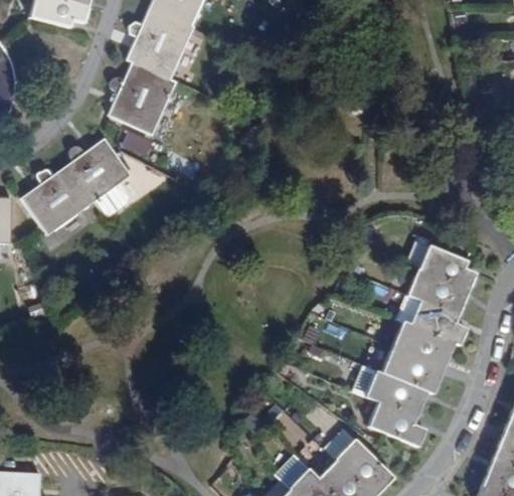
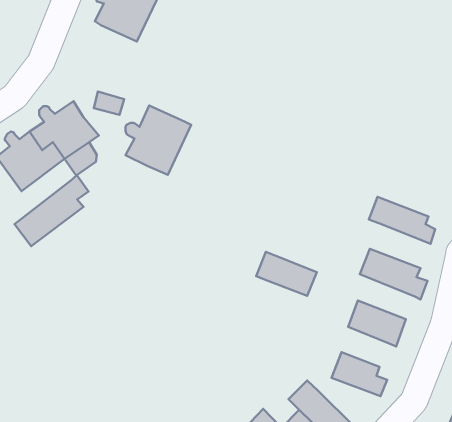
building: [107,62,174,134] -> [126,105,191,175]
building: none -> [15,175,88,246]
building: [407,268,470,313] -> none
building: [395,323,454,365] -> none
building: [365,369,427,415] -> [256,252,317,296]

